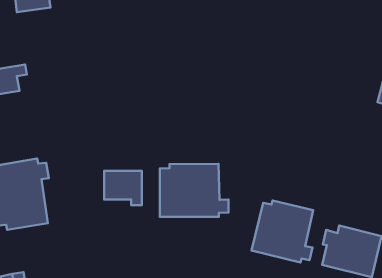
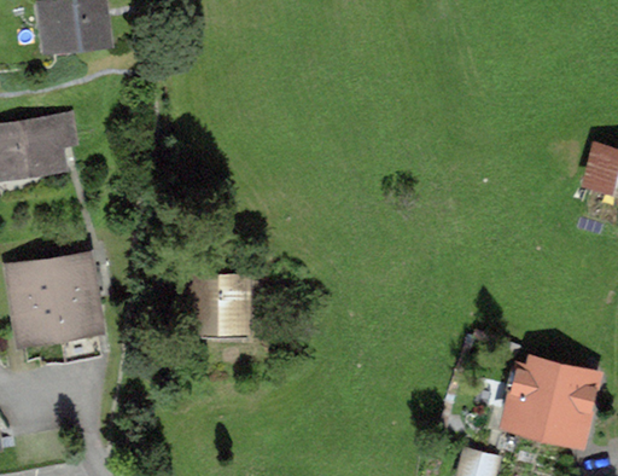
building: [160,164,229,217] -> none
building: [252,200,313,262] -> none

